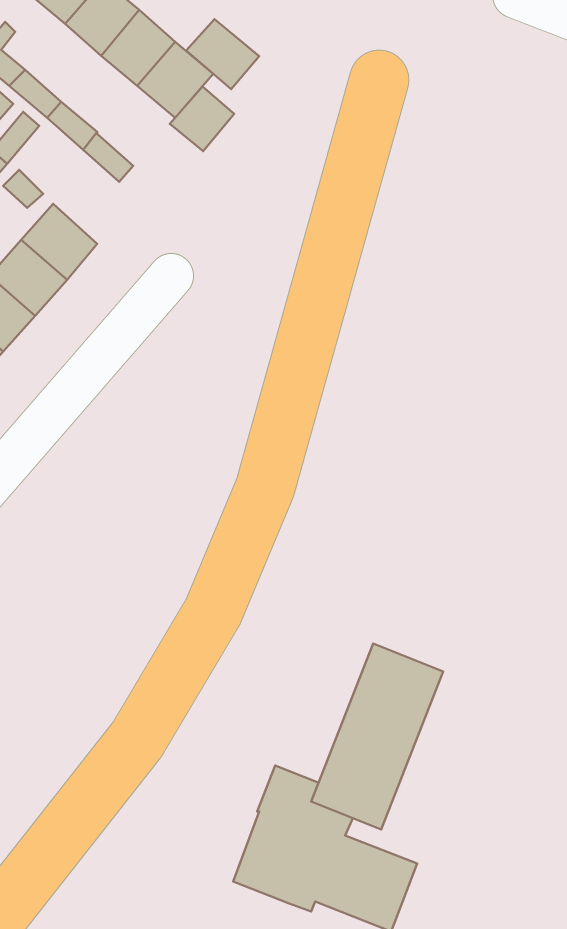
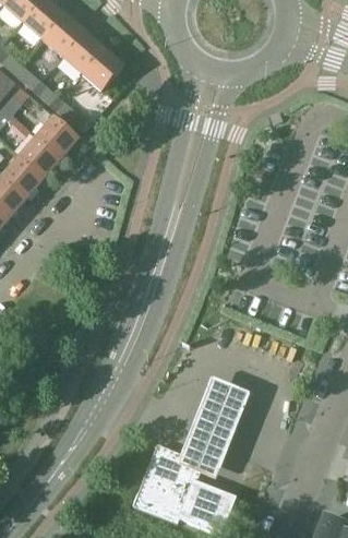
building: [186,19,259,89] -> none
building: [170,87,234,151] -> none
building: none -> [36,116,79,158]

